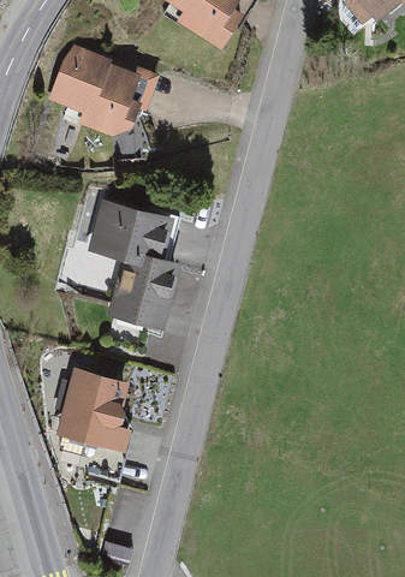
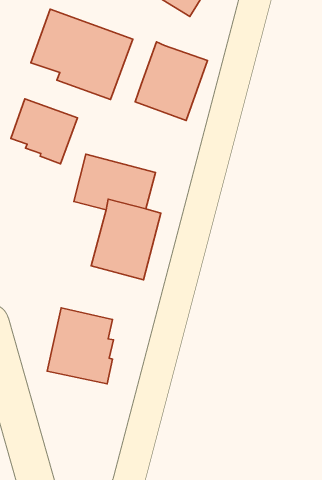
building: none -> [135,42,208,120]
building: none -> [11,99,78,164]

